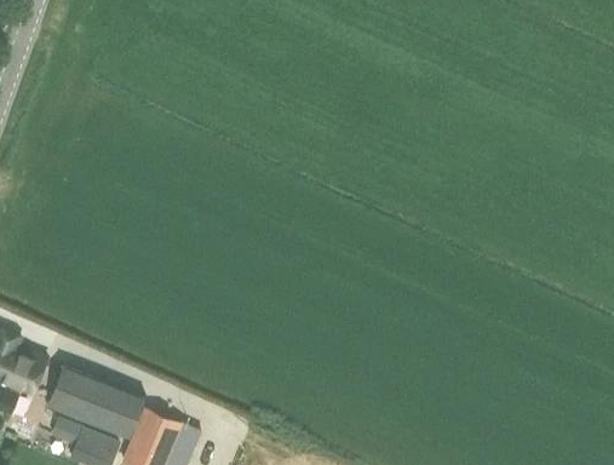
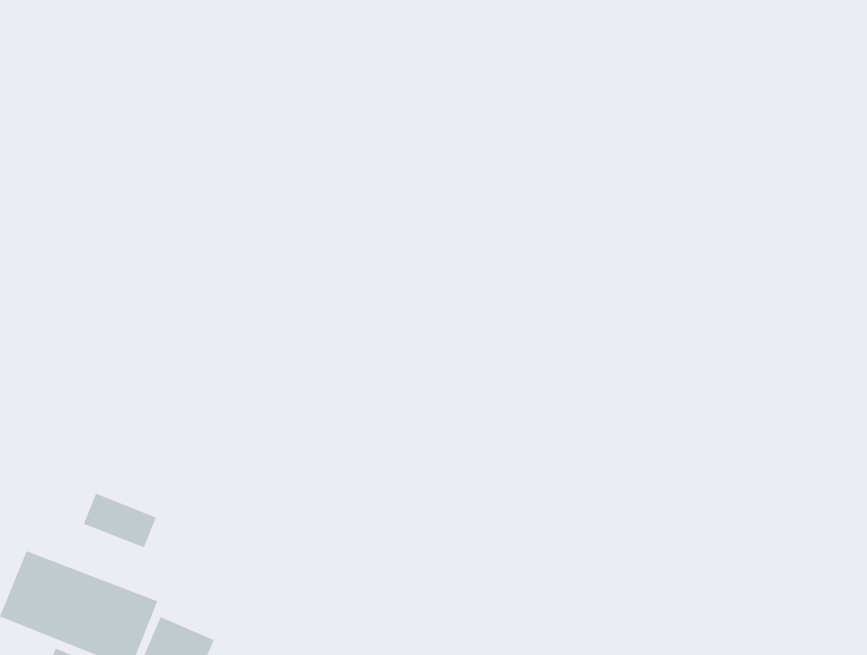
building: none -> [83,493,157,548]

